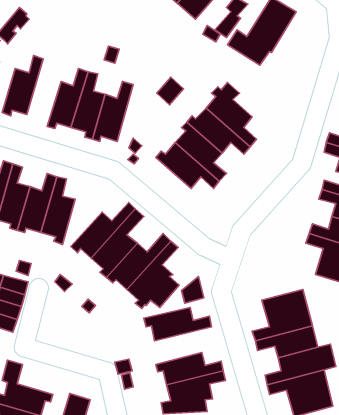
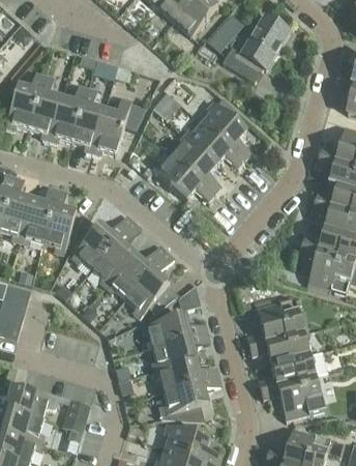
building: none -> [29,75,62,140]
building: none -> [151,333,210,370]

